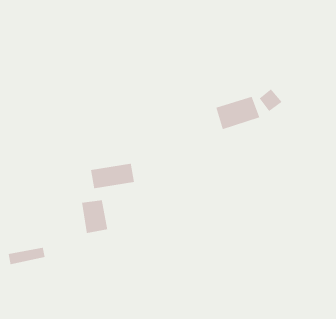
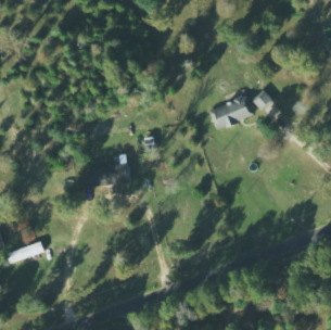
building: [81,199,108,234] -> none

